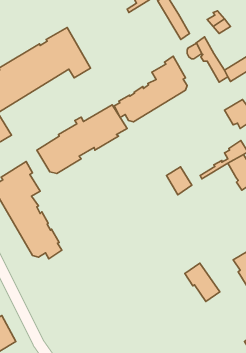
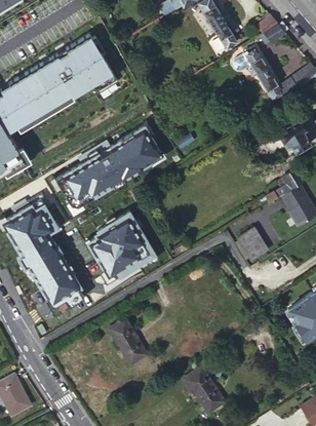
building: [114,56,187,122] -> none
building: [167,167,192,195] -> [238,228,268,261]
building: none -> [90,211,156,278]
building: [185,263,220,301] -> [184,367,225,413]
building: none -> [109,318,148,365]

